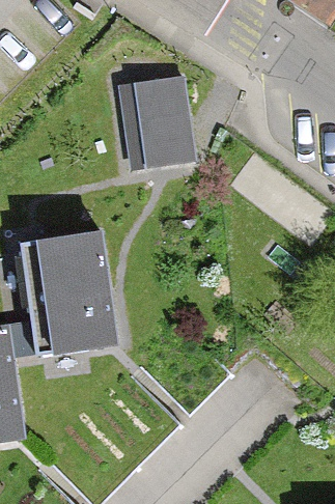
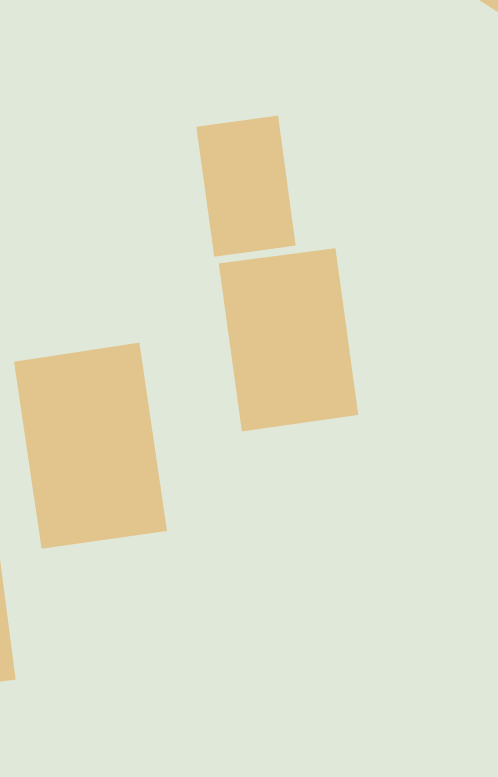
building: none -> [218,247,359,432]

